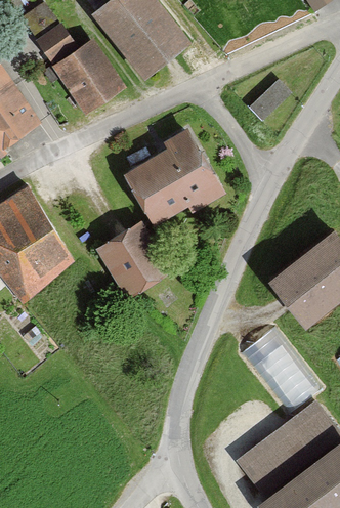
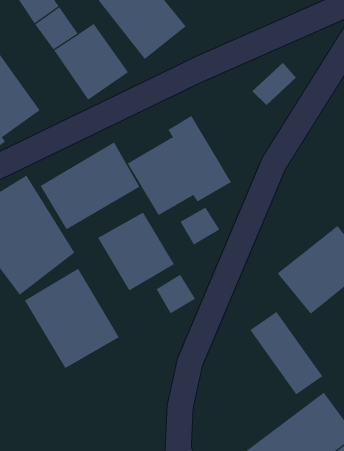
building: none -> [40,141,140,230]
building: none -> [180,207,220,246]
building: none -> [24,268,119,369]
building: none -> [156,274,196,314]

